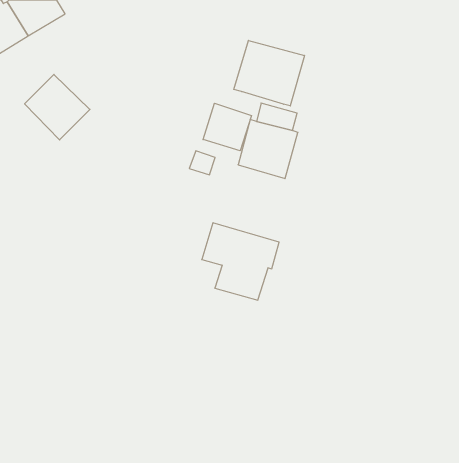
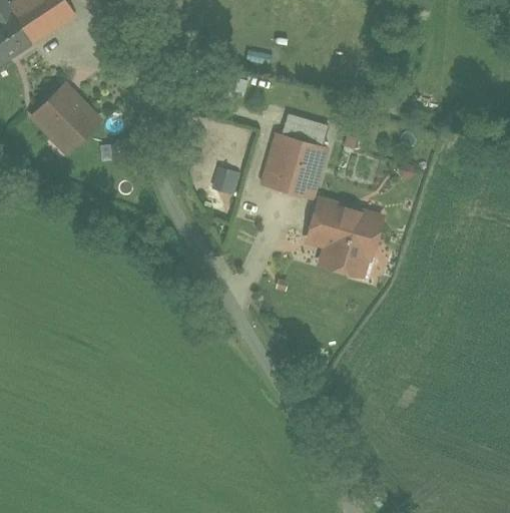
building: [234,40,304,106] -> none
building: [203,103,251,151] -> none
building: [202,223,279,300] -> [305,197,389,282]

